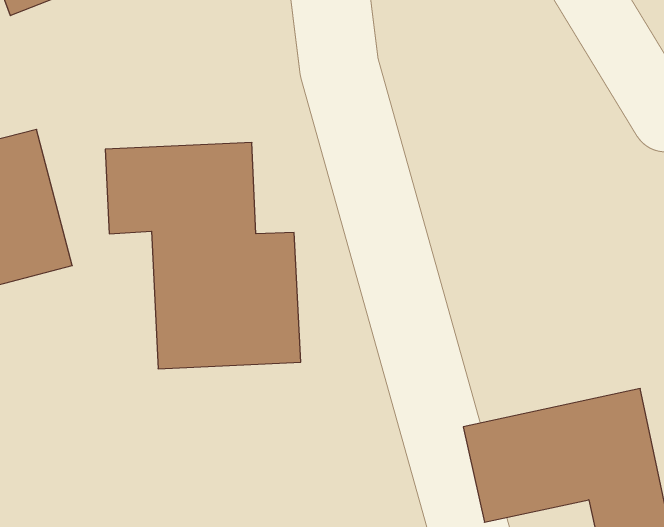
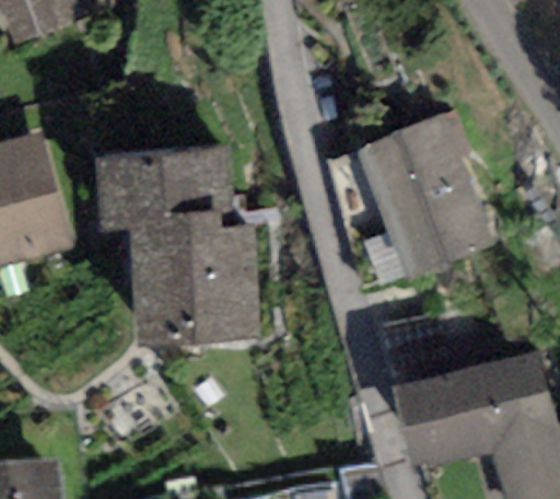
building: none -> [360,118,489,280]

